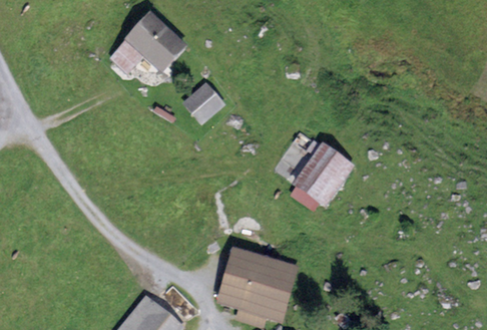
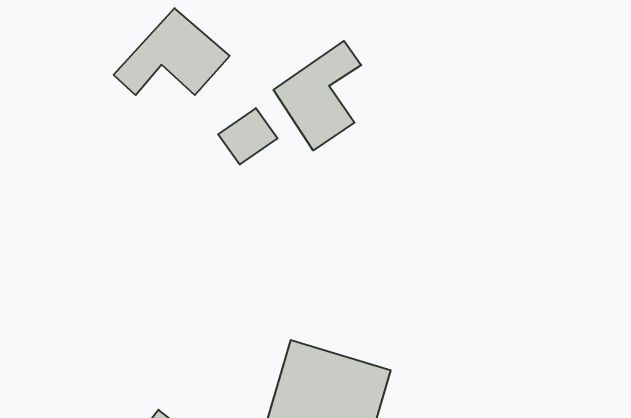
building: none -> [273,41,361,150]
building: [296,143,353,202] -> none

